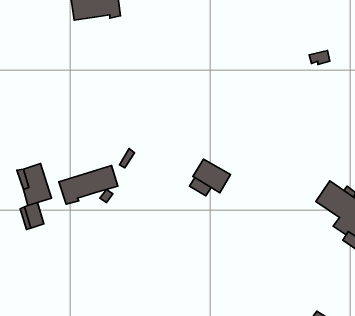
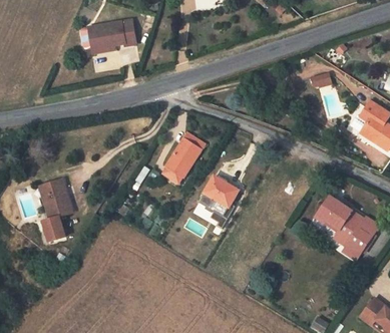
building: none -> [163,131,205,178]
building: [59,165,118,204] -> none

